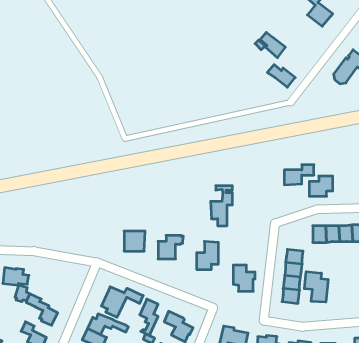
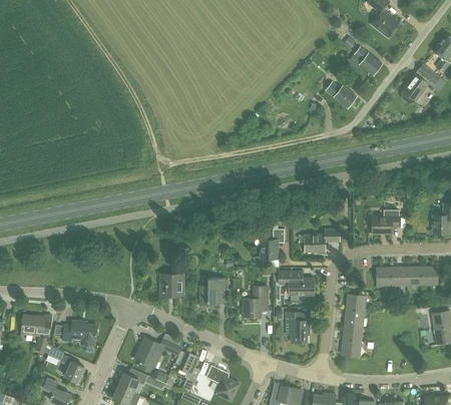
building: [260,32,285,58] -> [353,46,382,75]
building: [284,165,314,185] -> [305,229,339,252]
building: none -> [279,271,313,301]
building: [304,272,328,302] -> none
building: none -> [62,320,96,345]

